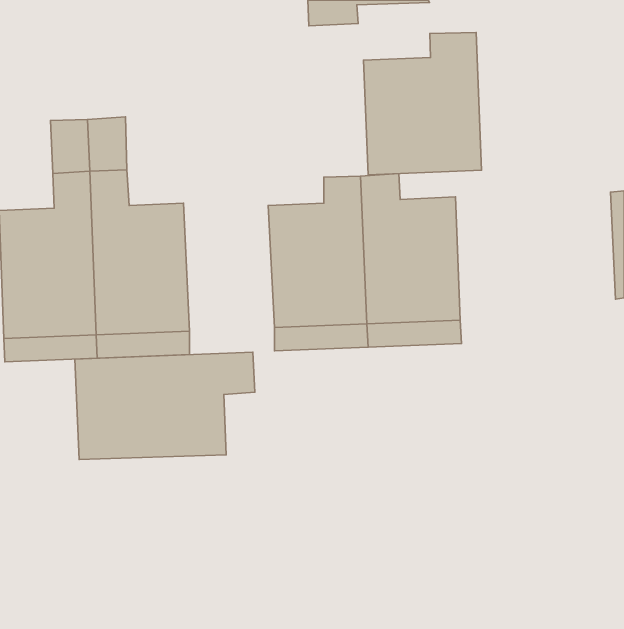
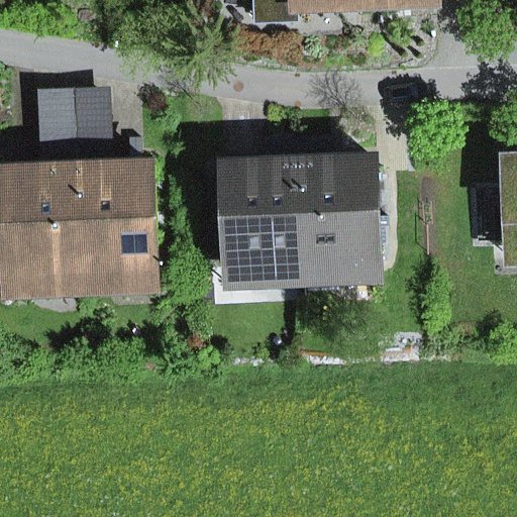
building: [363,33,482,175] -> none
building: [75,352,255,459] -> none

